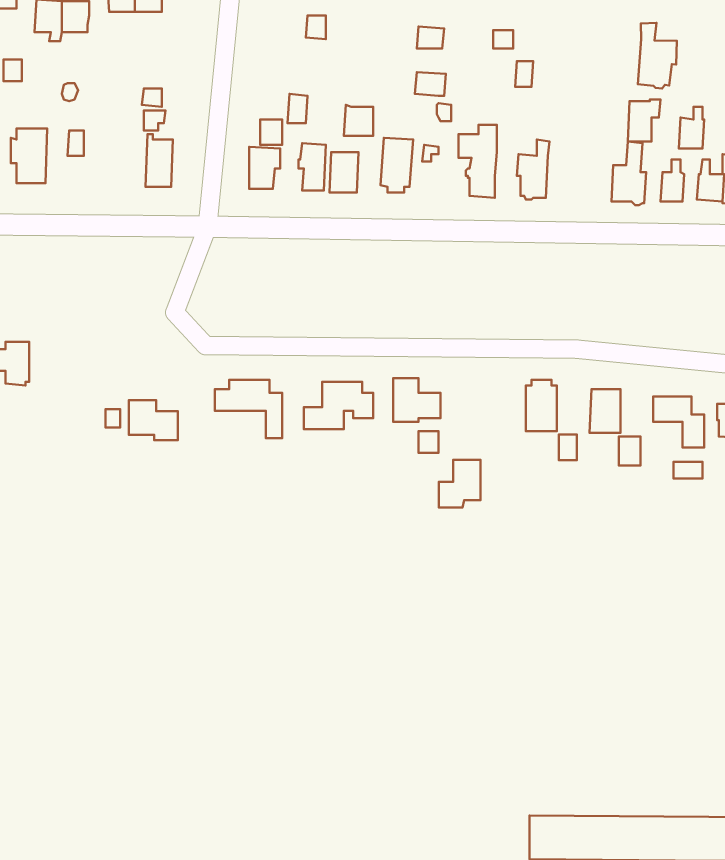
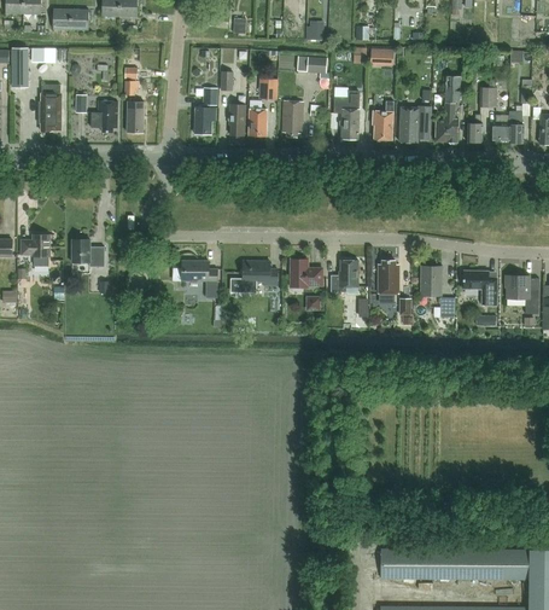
building: [638,23,677,89] -> none
building: none -> [90,100,117,130]
building: none -> [399,105,431,143]
building: [129,400,178,440] -> [71,239,104,266]
building: [439,460,481,507] -> [329,260,357,291]

